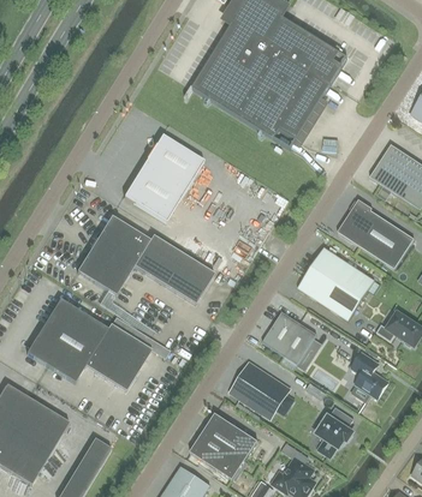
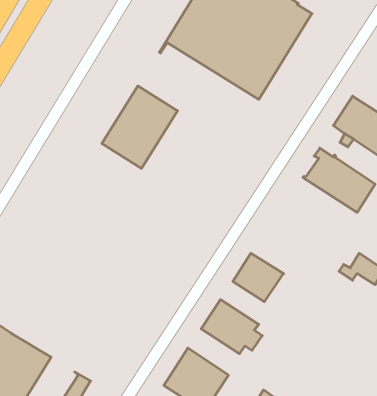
building: [76,215,214,304] -> none
building: [297,246,374,319] -> none
building: [25,298,168,390] -> none
building: [351,351,387,397] -> none
building: [316,405,352,456] -> none

